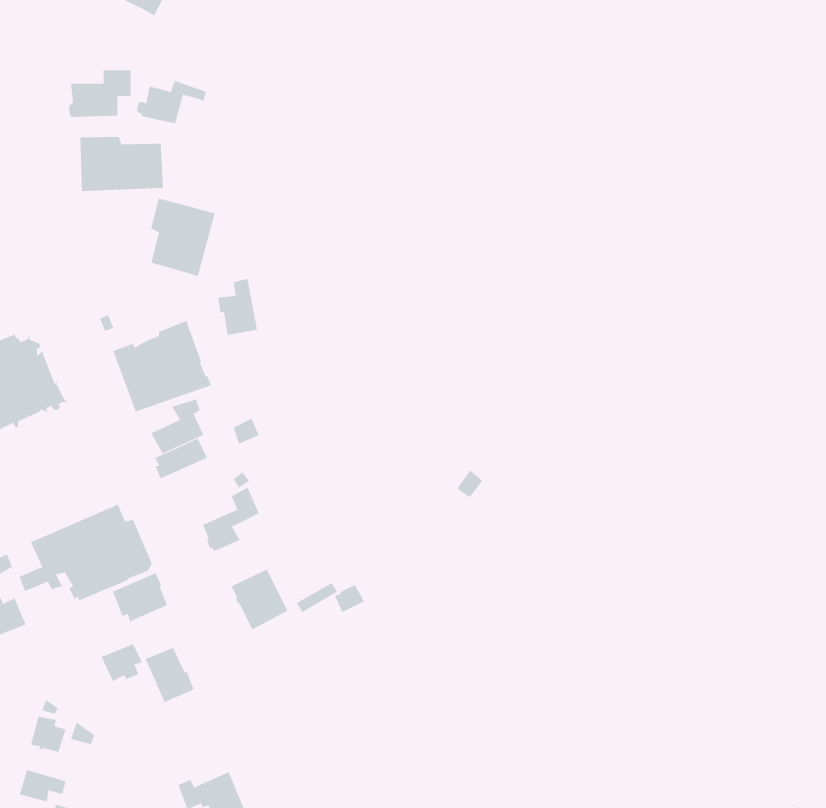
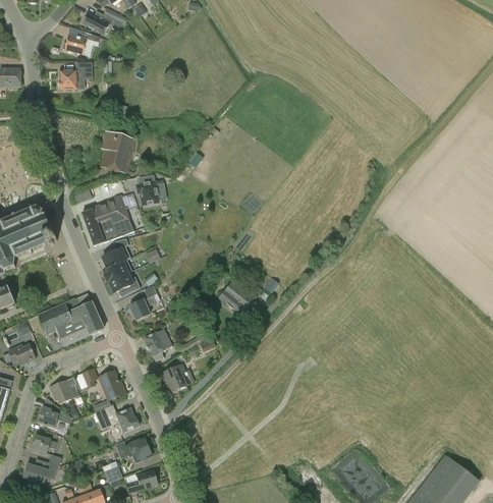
building: [136,80,207,124] -> [61,31,99,54]
building: [80,136,163,192] -> none
building: none -> [106,270,140,293]
building: none -> [218,278,256,315]
building: [112,573,168,622] -> [49,377,78,403]
building: none -> [160,364,186,392]
building: none -> [94,404,139,432]

